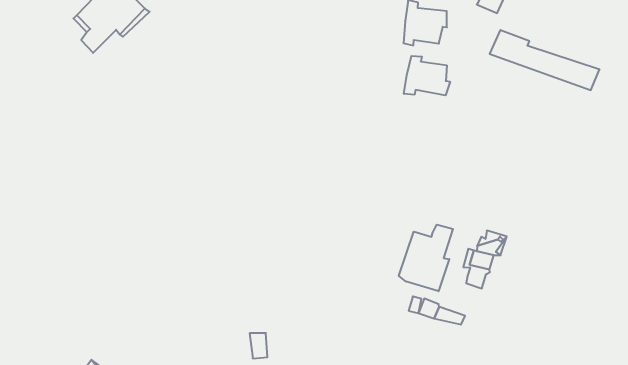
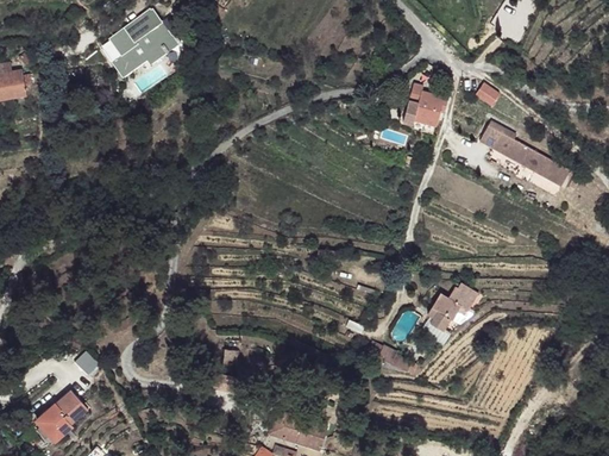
building: [404,56,450,95] -> none
building: [399,225,453,291] -> none

